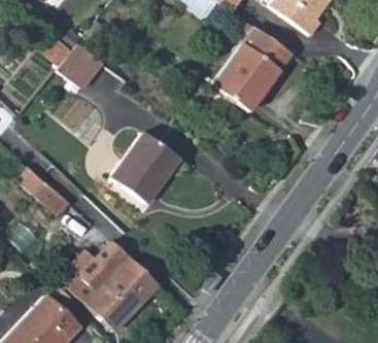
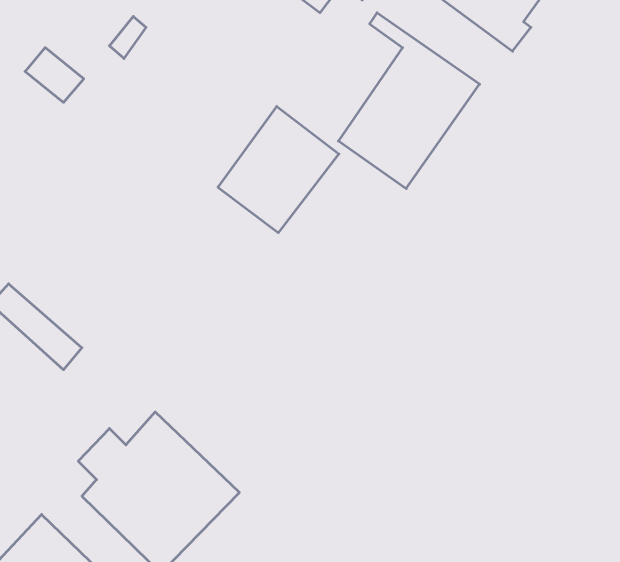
building: [57,43,101,87] -> none
building: [110,131,178,202] -> [218,106,339,233]

